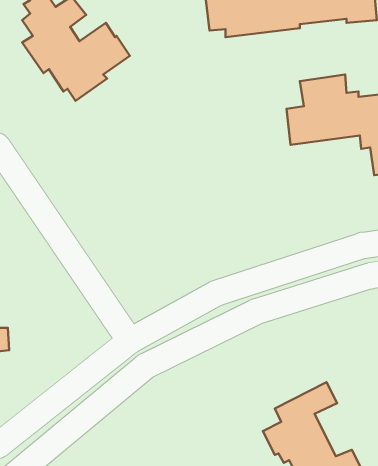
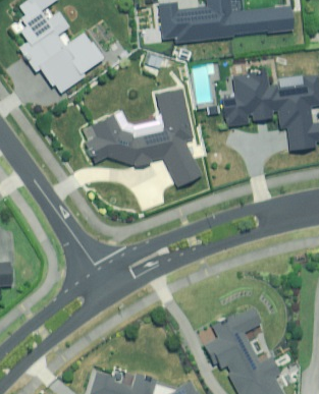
building: none -> [85,88,201,187]

